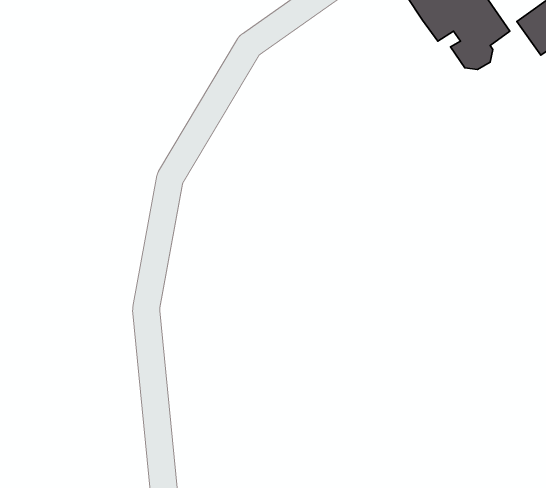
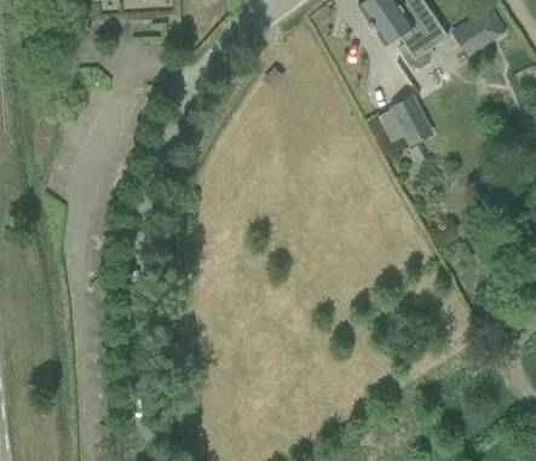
building: none -> [375,94,434,146]

